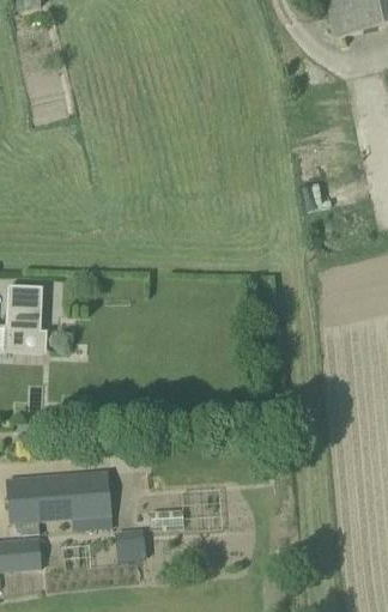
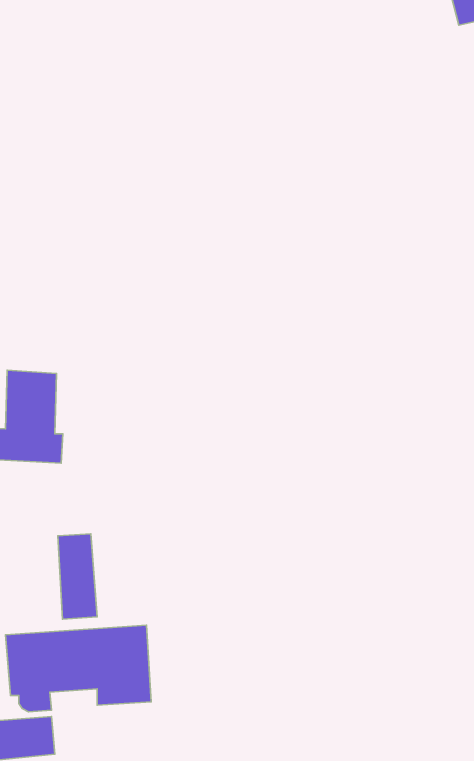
building: none -> [58,534,97,619]
building: [117,528,143,558] -> none

